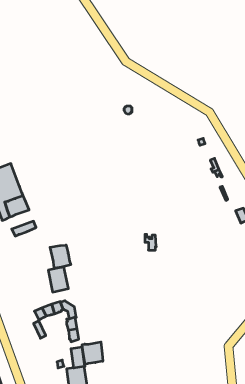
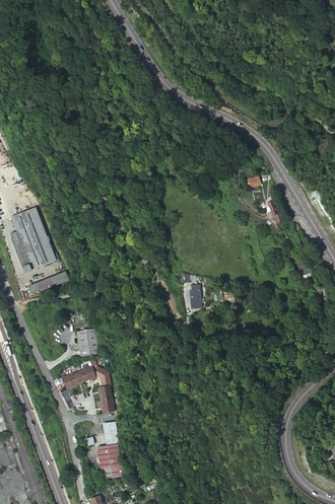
building: [50,245,71,268] -> none
building: [82,342,103,364] -> none

